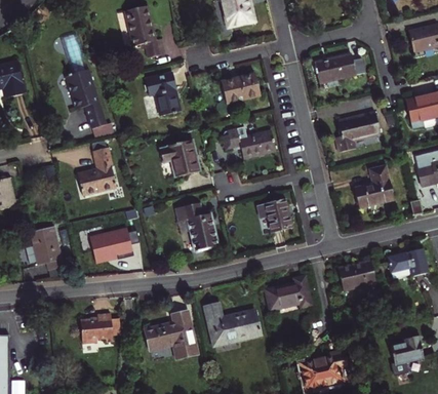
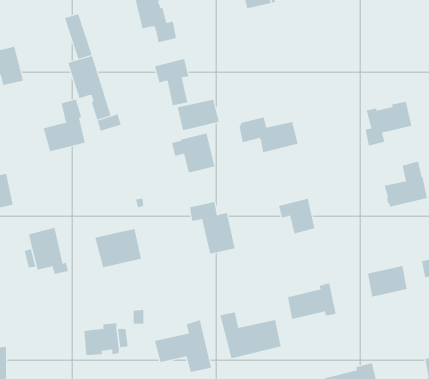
building: [314,53,364,83] -> none
building: [221,74,260,103] -> [177,99,220,131]
building: [76,147,115,195] -> [43,99,85,152]

